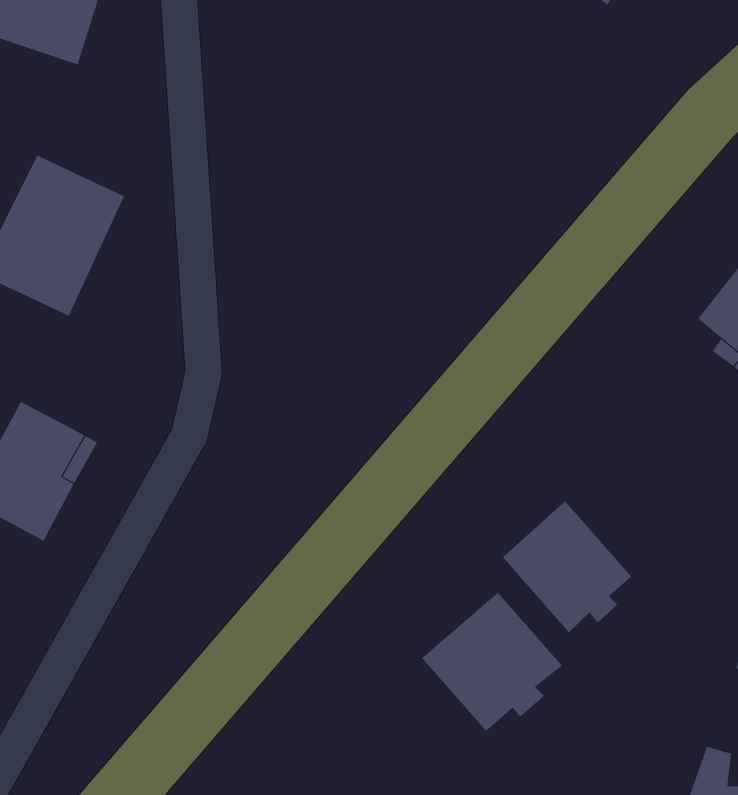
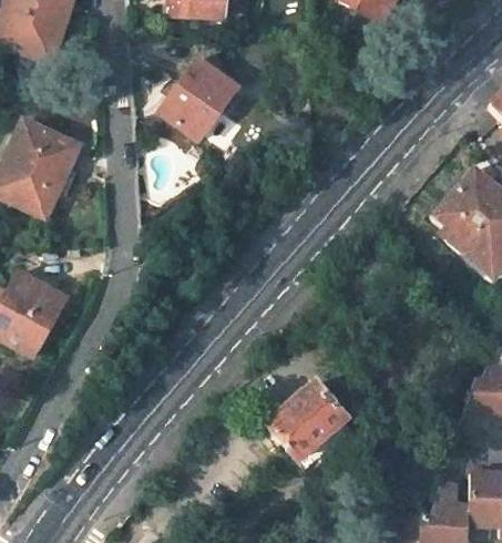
building: none -> [162,60,239,141]
building: [502,501,632,633] -> none

